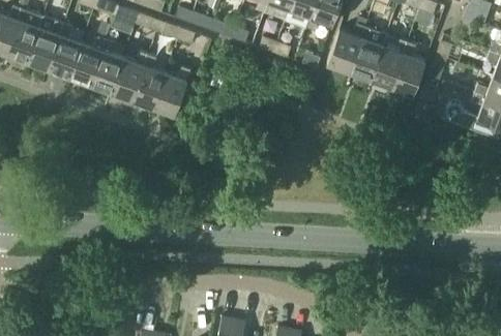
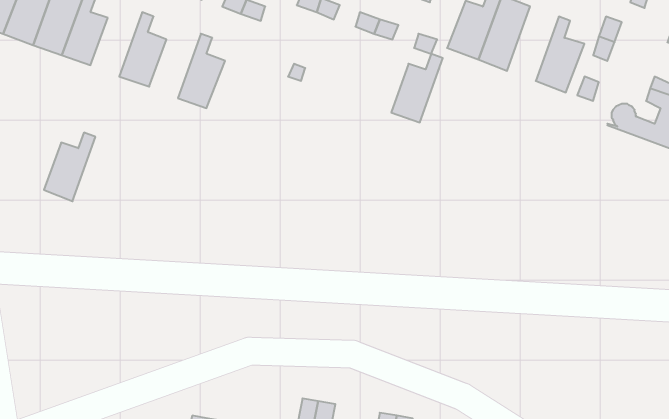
building: [68,35,106,85] -> [44,133,95,201]
building: [370,38,407,88] -> [391,54,443,122]
building: [111,51,148,100] -> none
building: [152,67,190,116] -> none

